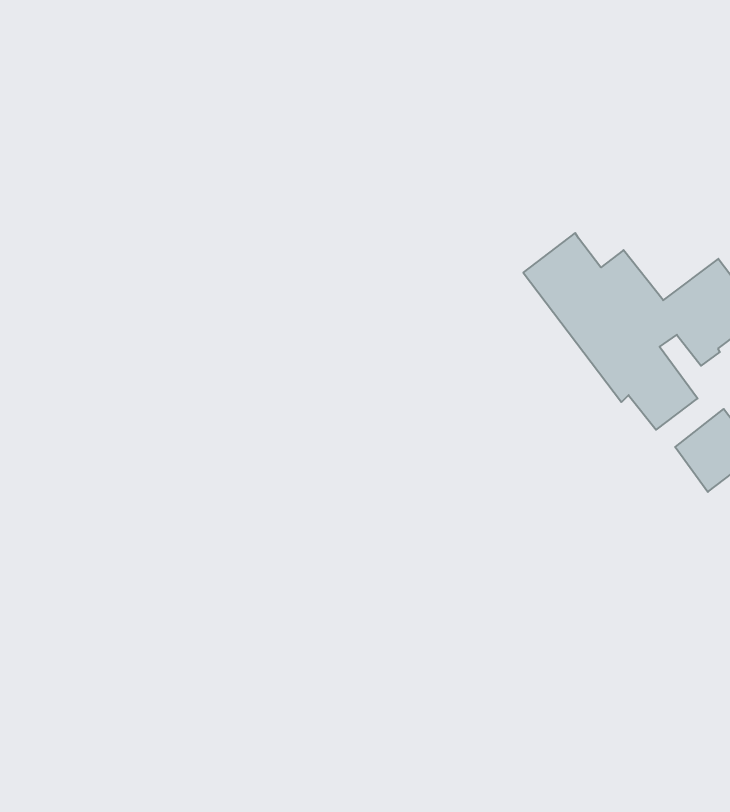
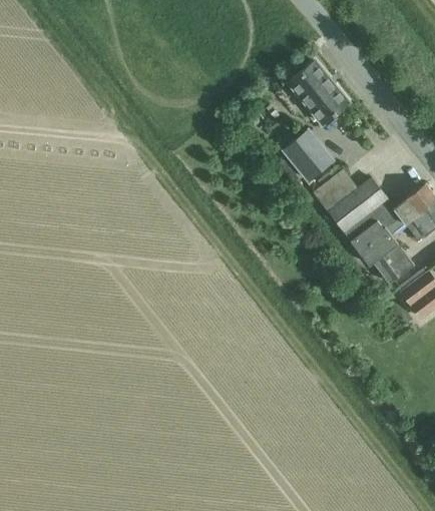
building: none -> [287,60,347,123]
building: none -> [283,130,331,179]

